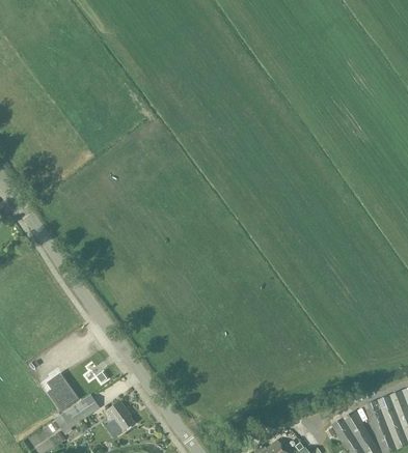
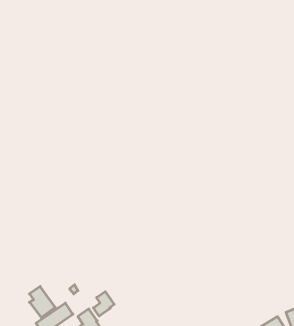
building: none -> [93,292,114,316]

